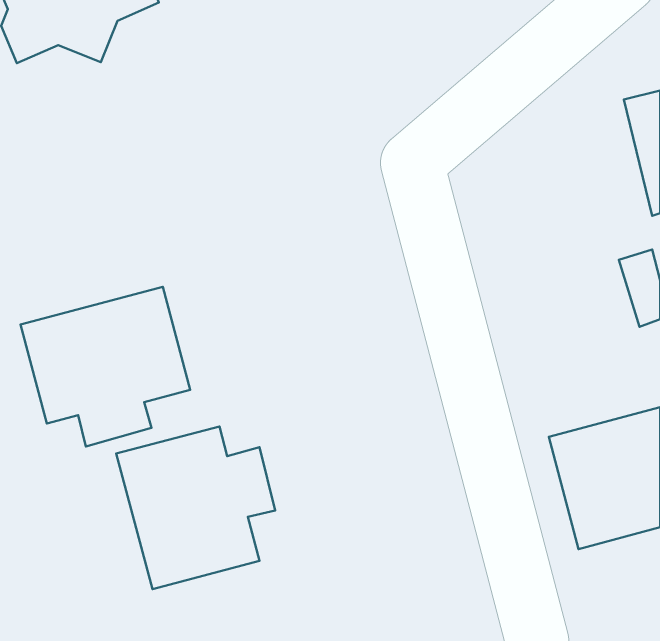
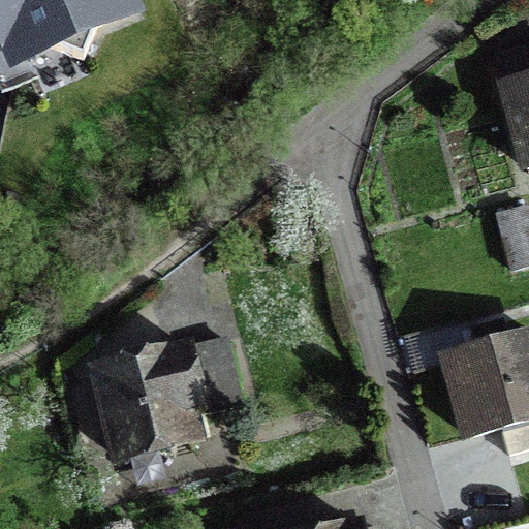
building: [20,287,190,446] -> none

